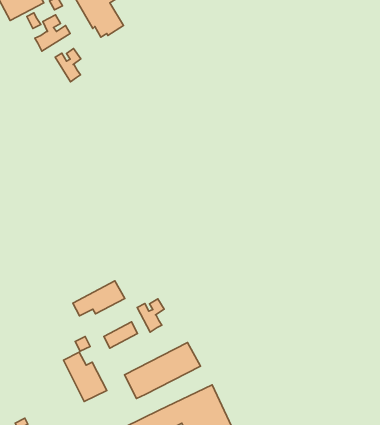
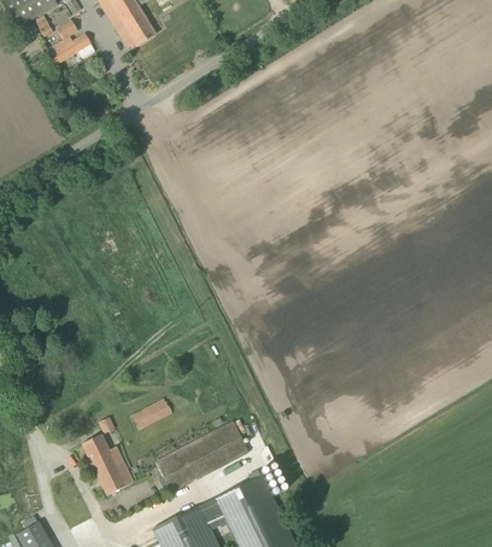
building: [55,49,81,82] -> none
building: [73,281,125,316] -> none
building: [137,299,164,332] -> none

